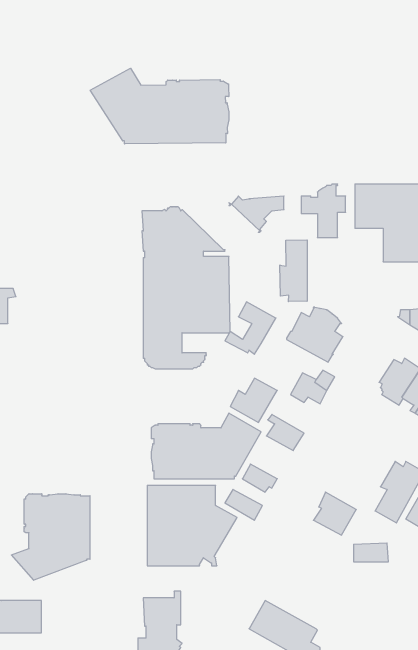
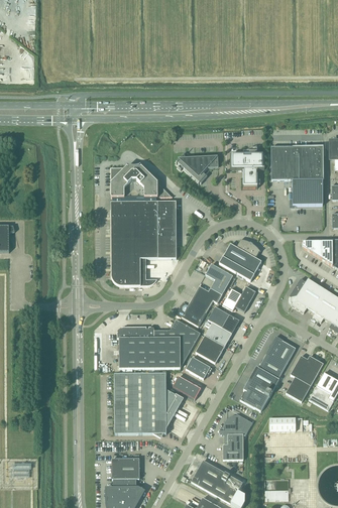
building: [90,68,229,144] -> none
building: [280,240,307,302] -> none
building: [225,302,276,354] -> [195,263,233,302]
building: none -> [207,306,239,334]
building: none -> [195,336,224,363]
building: none -> [248,336,296,391]
building: [11,494,90,580] -> none
building: none -> [222,414,252,460]

